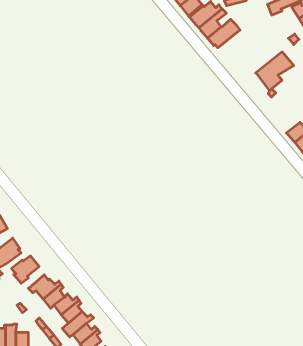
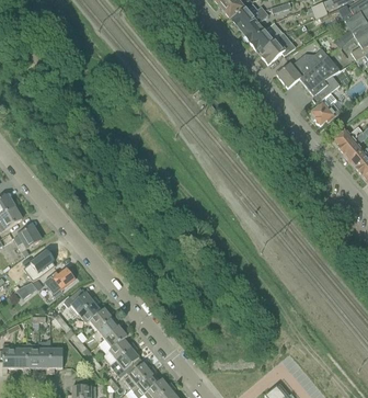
building: none -> [260,32,295,64]
building: none -> [276,47,326,88]
building: none -> [310,69,338,124]

